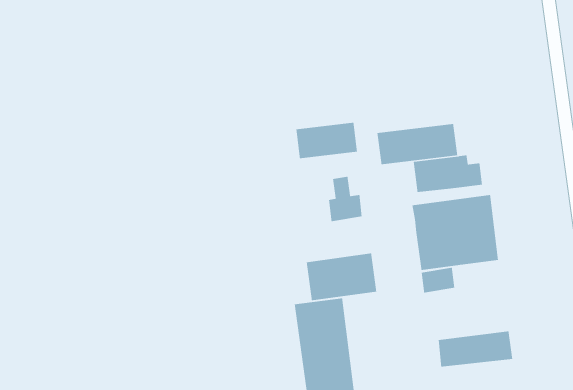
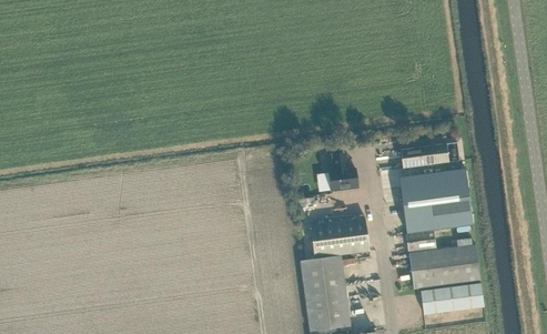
building: [295,122,358,159] -> none
building: [377,123,458,165] -> none
building: none -> [408,244,479,289]

